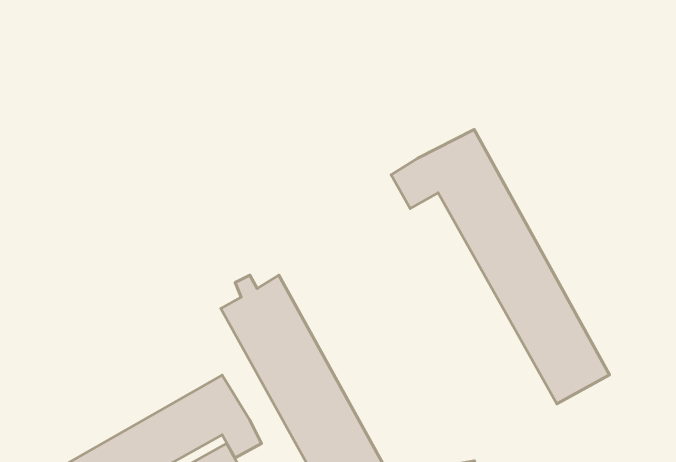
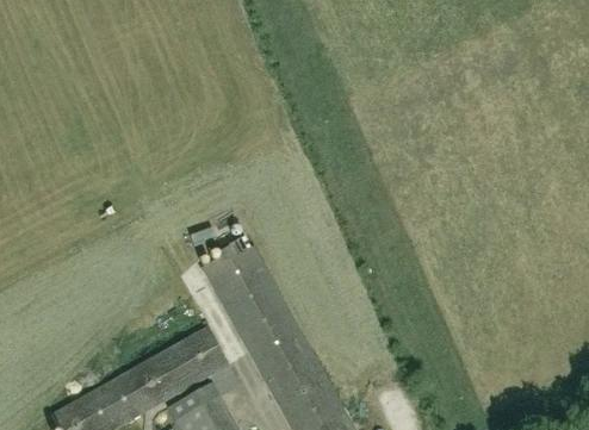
building: [391,130,610,404] -> none

